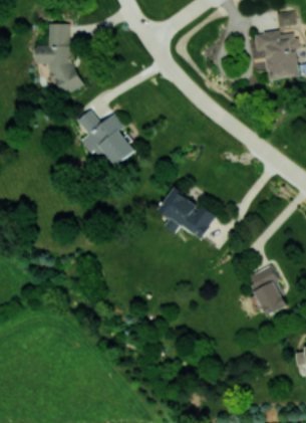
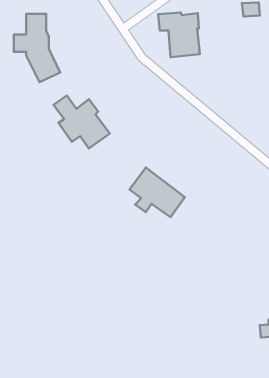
building: [254,32,298,79] -> [158,12,200,57]
building: [251,266,289,318] -> none

